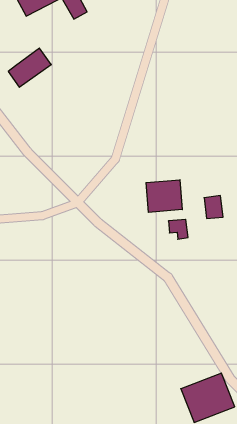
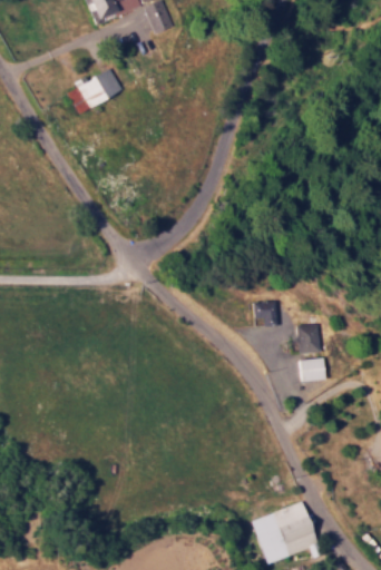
building: [146,180,182,212] -> none
building: [204,196,223,218] -> [297,324,320,352]
building: none -> [300,357,325,381]

